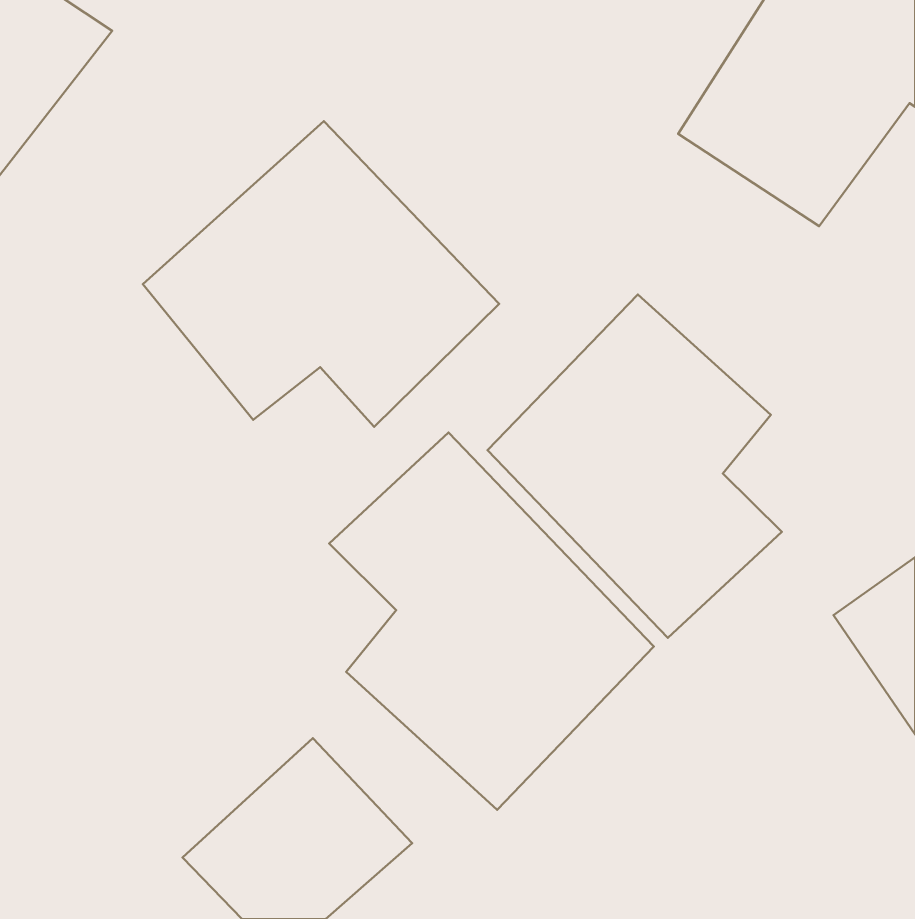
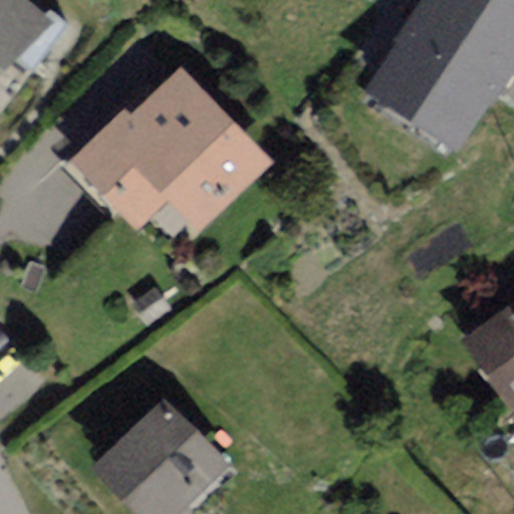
building: [488,295,782,638] -> none
building: [329,432,654,810] -> none

